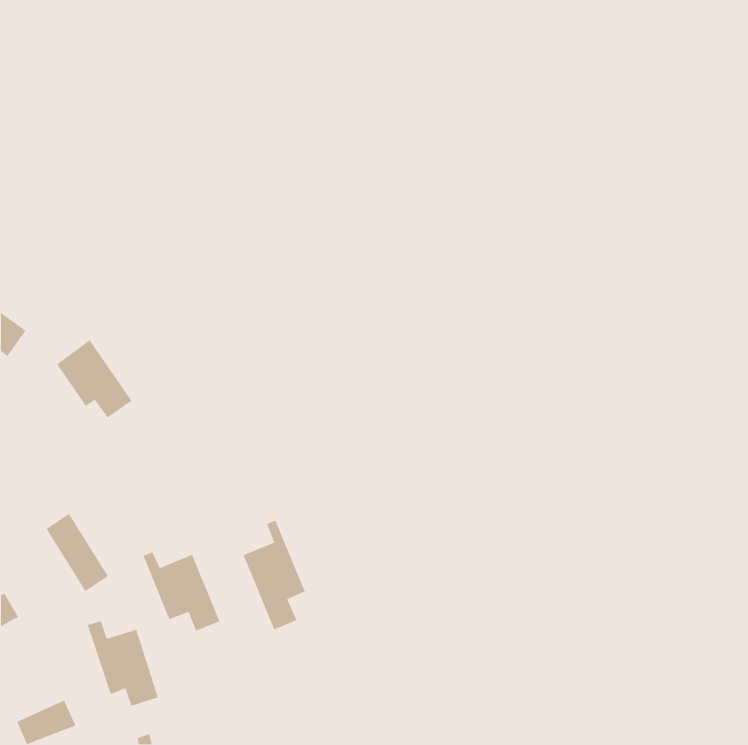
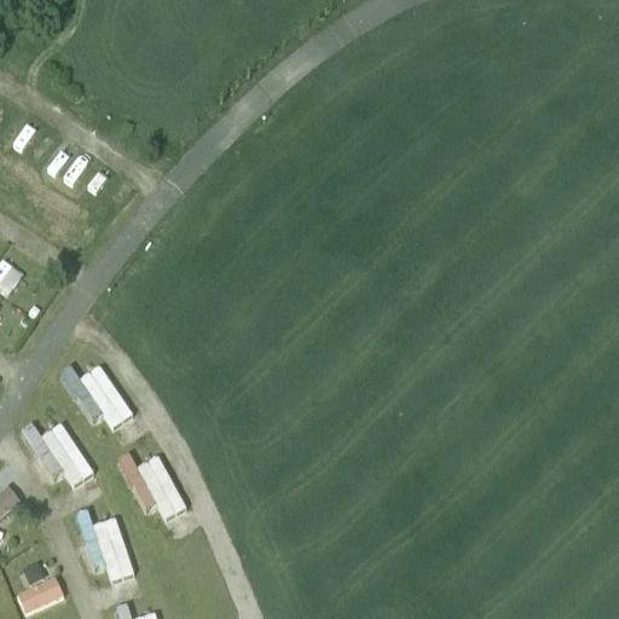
building: [56,339,133,418] -> [70,364,133,429]
building: [242,520,306,630] -> none

